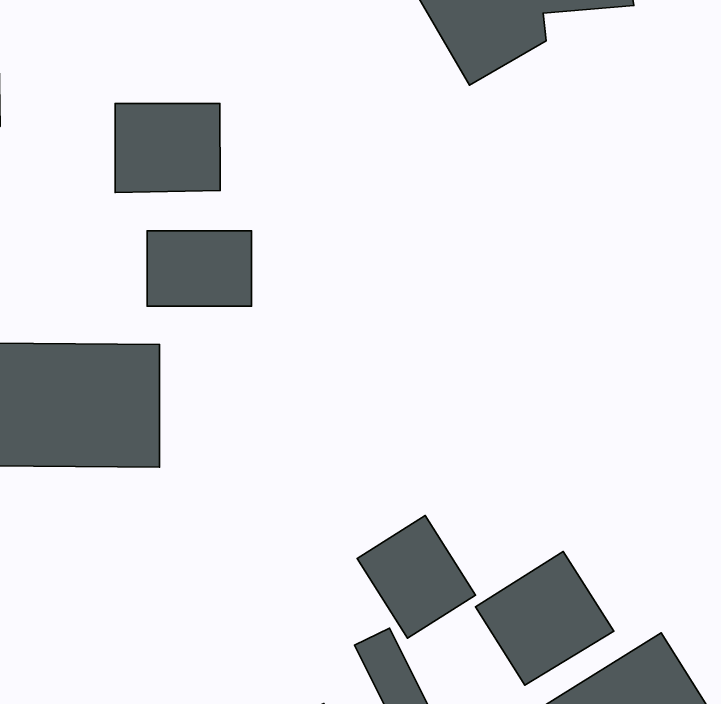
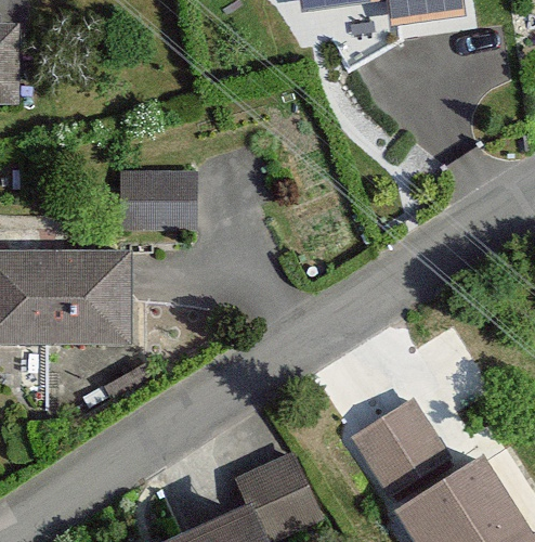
building: [115,104,220,193] -> none
building: [357,516,475,638] -> none

